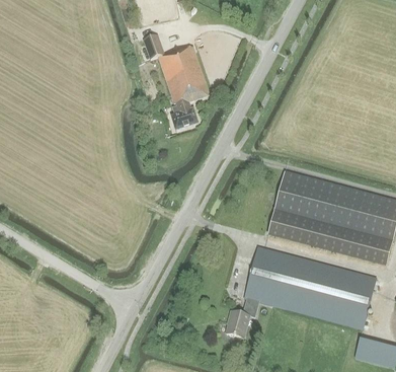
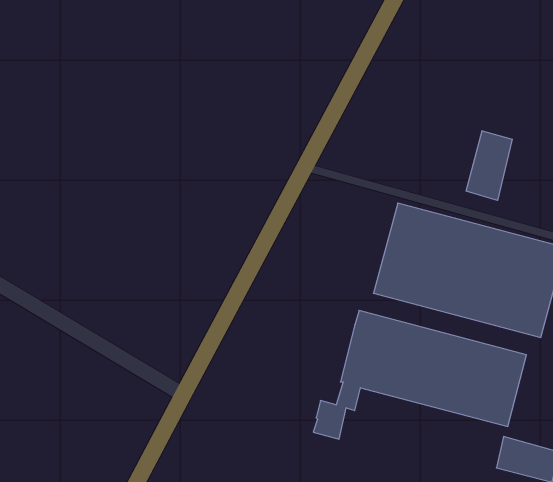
building: [143,33,210,130] -> none
building: none -> [466,131,512,200]

